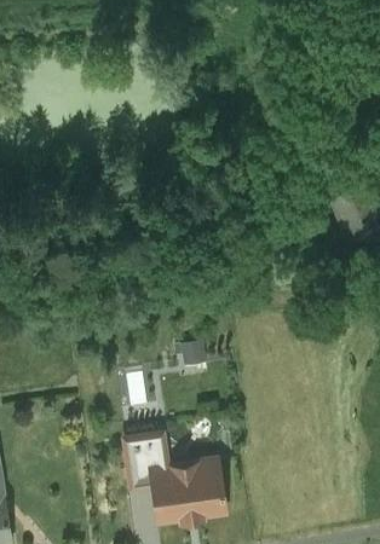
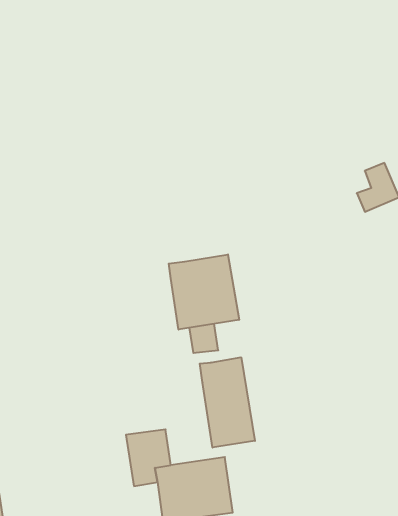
building: none -> [169,254,239,330]
building: none -> [200,357,255,448]

